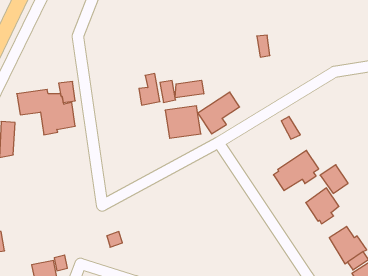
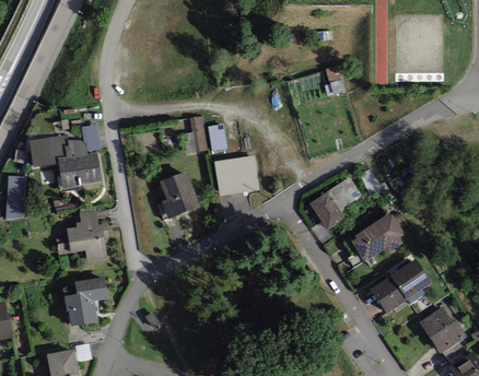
building: [175,80,204,98] -> none
building: [198,92,240,134] -> [309,177,362,230]
building: none -> [160,171,201,220]
building: none -> [57,209,109,262]
building: [320,165,348,193] -> [371,277,406,313]
building: none -> [63,275,108,326]

